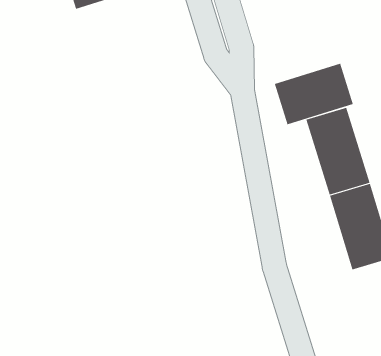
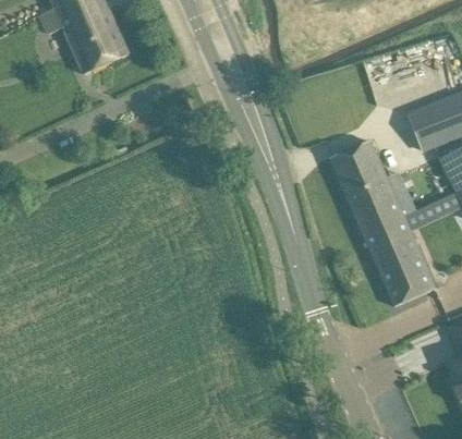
building: [274,63,353,125] -> none

